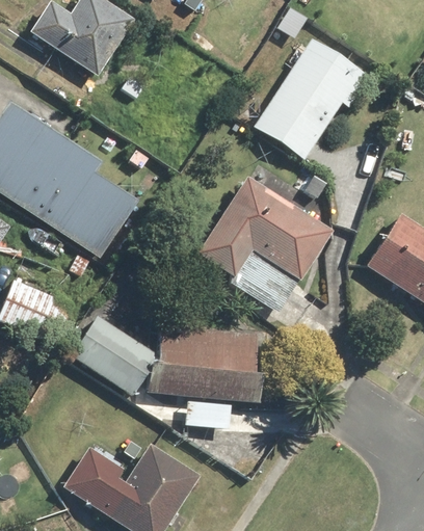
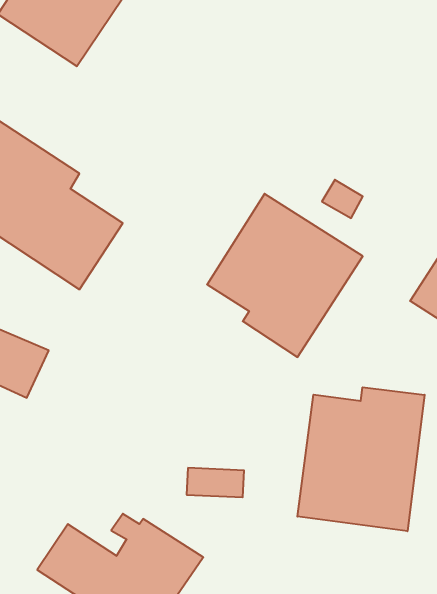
building: [254,38,370,159] -> none
building: [68,312,257,397] -> none
building: none -> [297,387,425,531]

